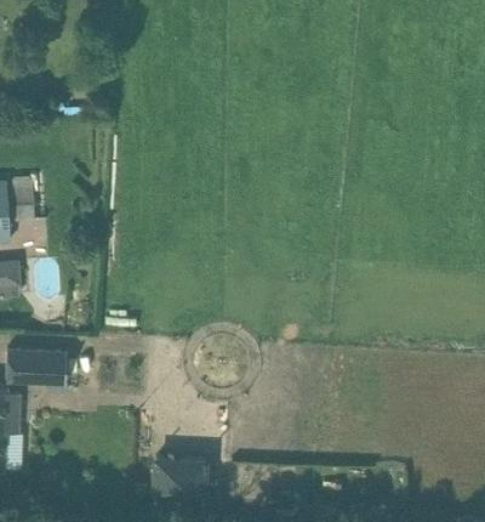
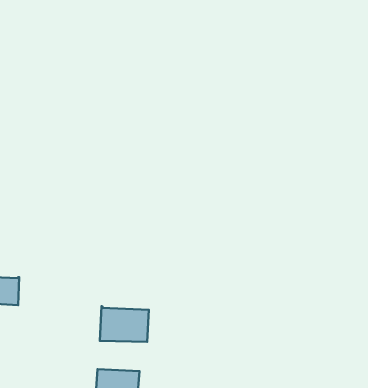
building: none -> [100,306,149,342]

